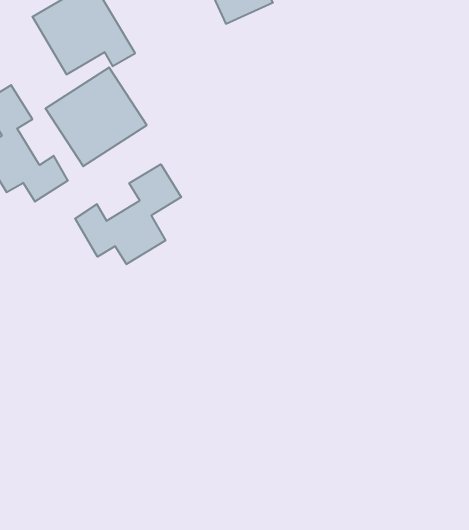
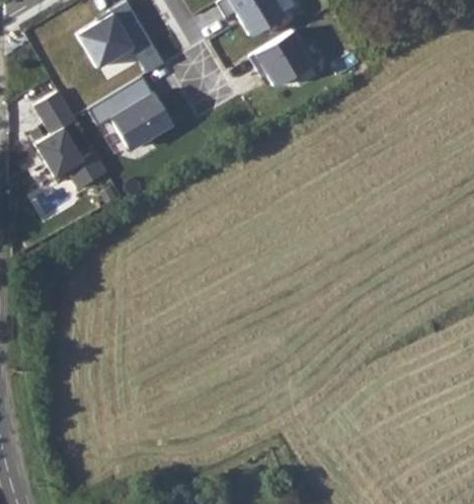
building: none -> [251,27,314,88]
building: [75,164,181,264] -> none

